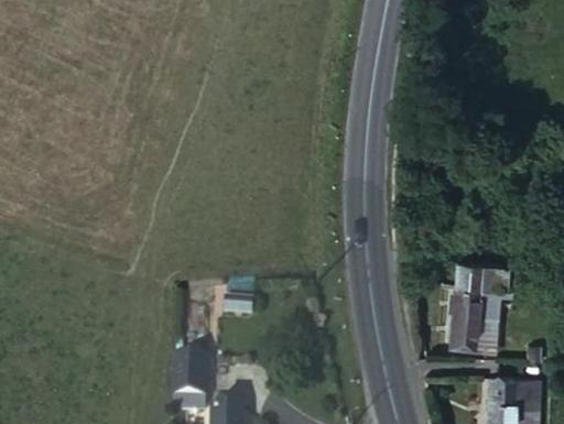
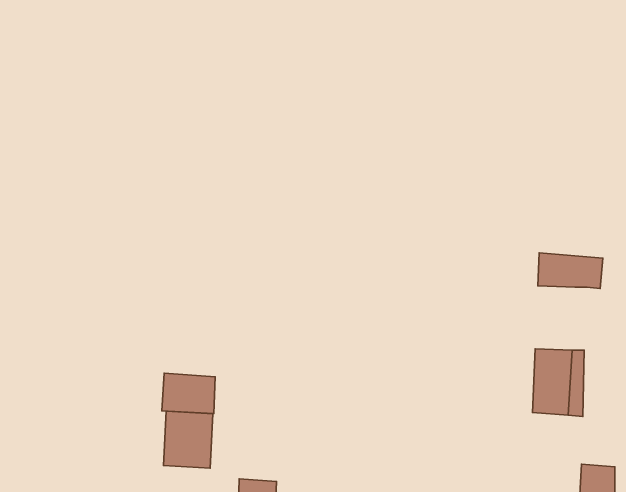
building: [463,269,517,298] -> [538,253,603,289]
building: none -> [162,373,215,413]

